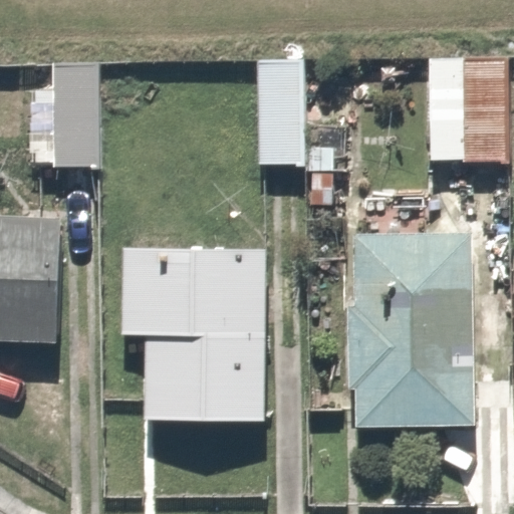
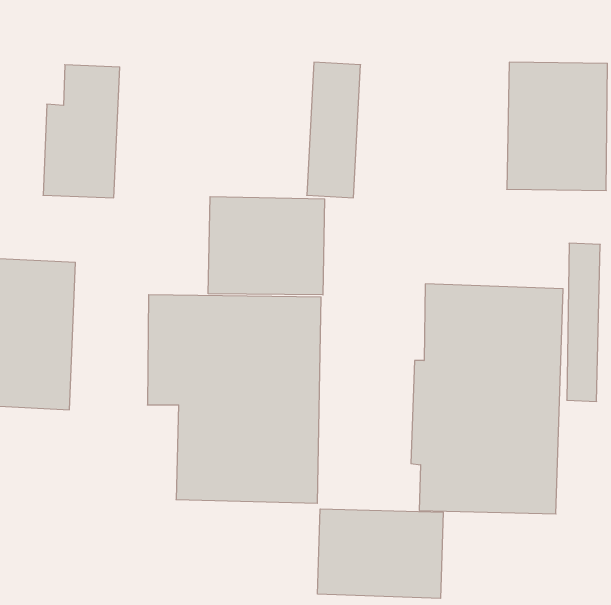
building: none -> [208,197,325,295]
building: none -> [318,509,443,598]

